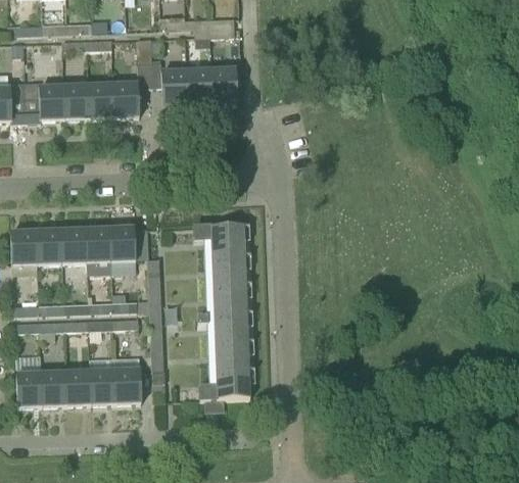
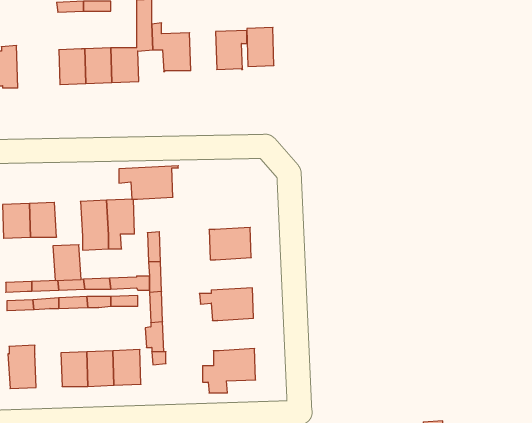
building: [188,68,214,105] -> [247,27,274,66]
building: [25,82,65,122] -> none
building: [194,224,250,255] -> [119,166,178,199]
building: [60,229,87,262] -> [53,245,81,280]
building: [207,282,247,312] -> none
building: [209,339,249,370] -> none
building: [42,372,67,404] -> none

